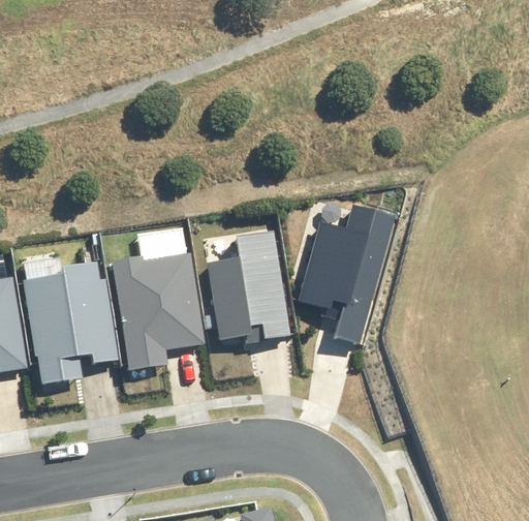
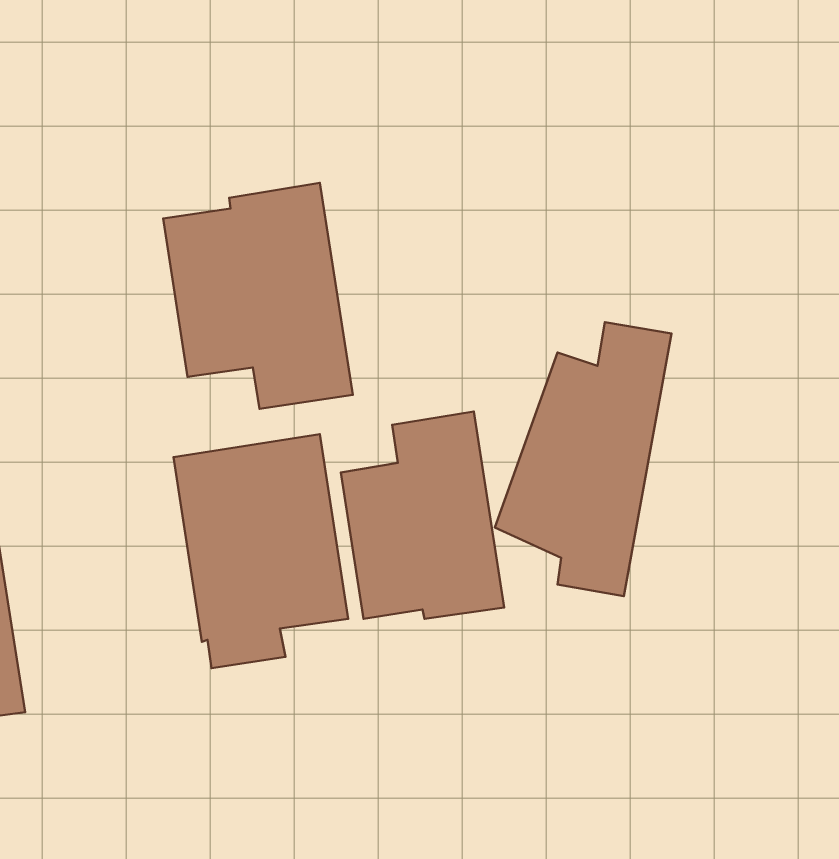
building: none -> [163,183,353,409]
building: [24,271,120,390] -> none

